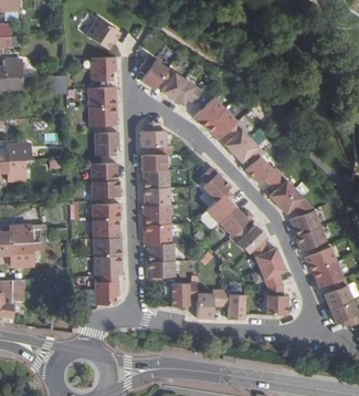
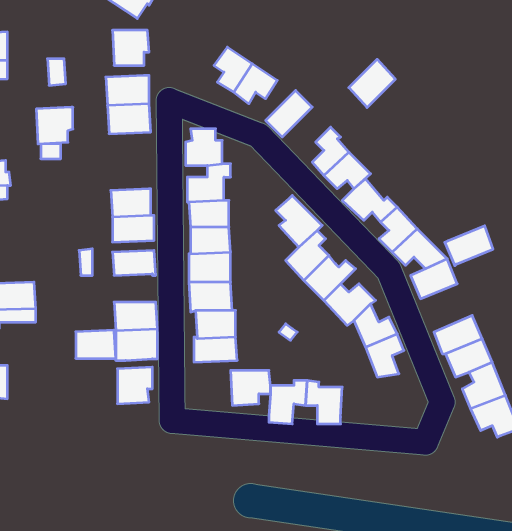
building: [139,56,168,90] -> none
building: [205,108,236,140] -> [349,59,395,108]
building: [94,132,118,156] -> [36,107,73,144]
building: [93,219,119,238] -> [76,330,116,358]
building: [294,226,326,252] -> [445,226,493,266]
building: [266,285,287,315] -> none

